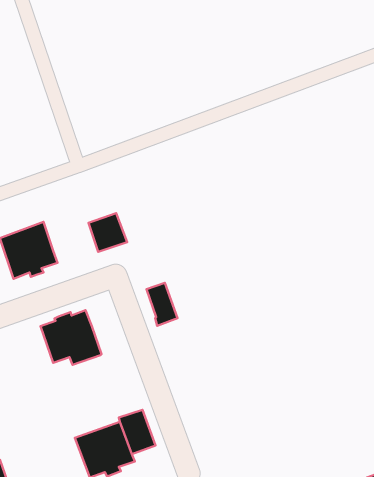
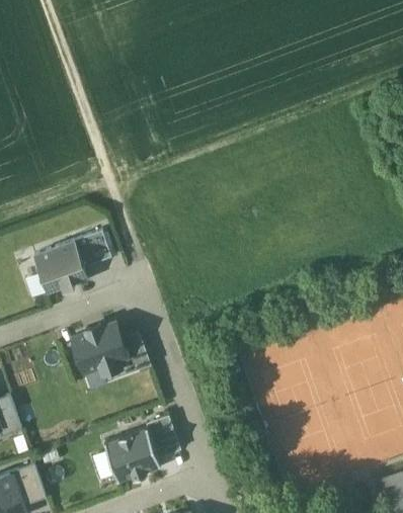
building: [88,213,127,252] -> [74,232,110,268]
building: [146,283,178,326] -> [119,333,149,373]

